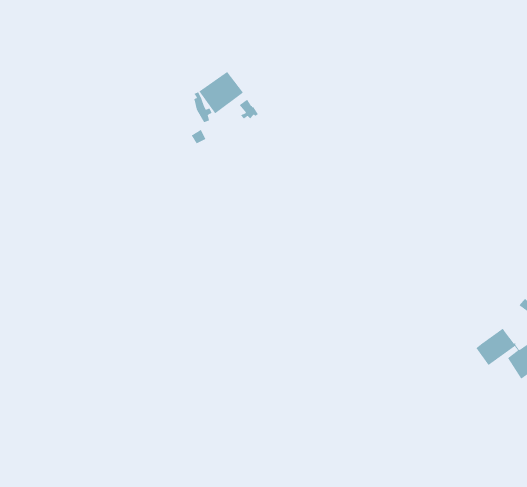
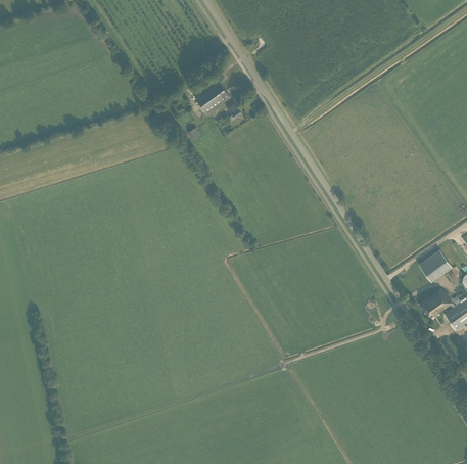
building: none -> [418,249,451,281]

